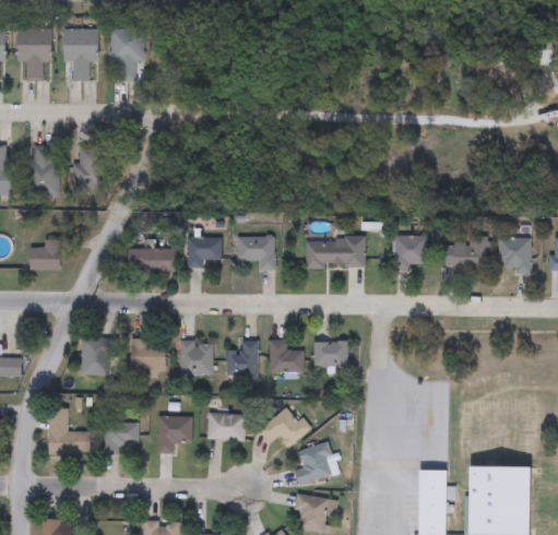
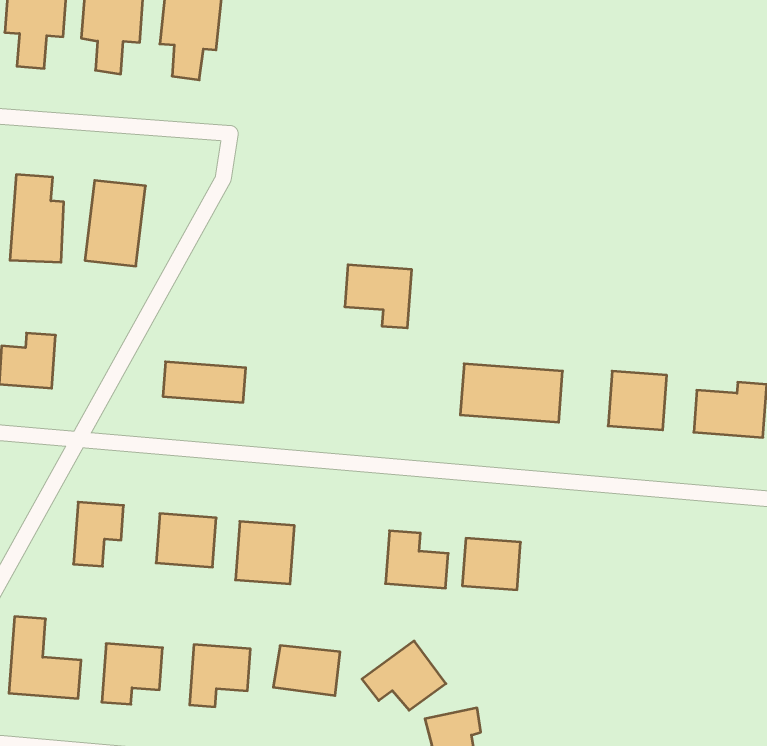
building: [236,236,274,271] -> [345,265,412,328]
building: [188,238,221,269] -> none
building: [226,341,257,377] -> none

